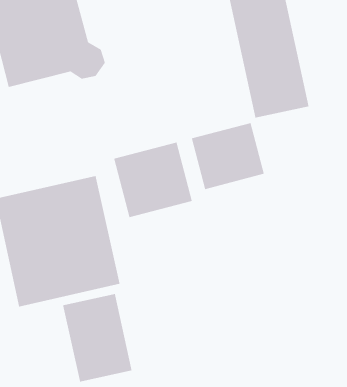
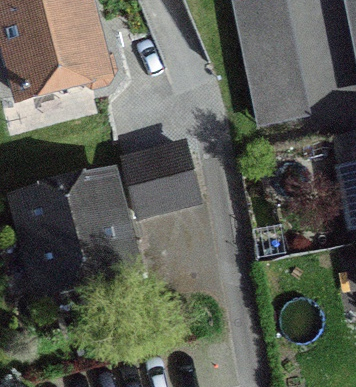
building: [191,122,265,190] -> none
building: [62,293,133,383] -> none

